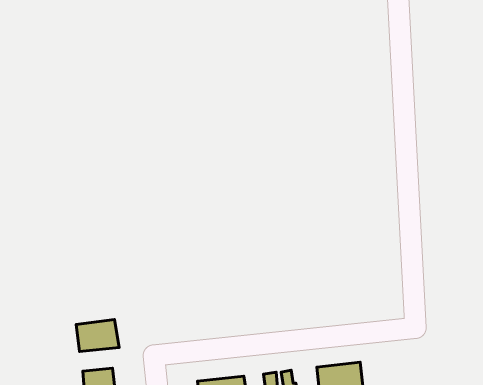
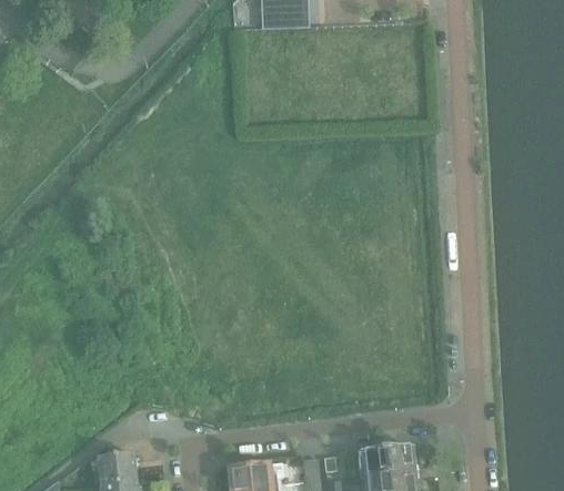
building: [76,320,119,352] -> none

